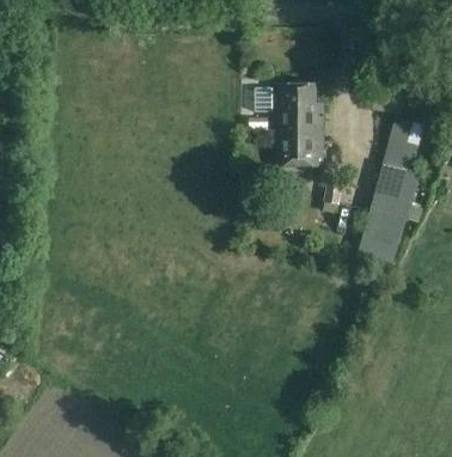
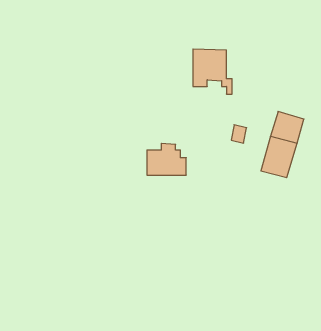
building: [383,117,416,172] -> none
building: [276,127,325,166] -> [147,143,186,175]

